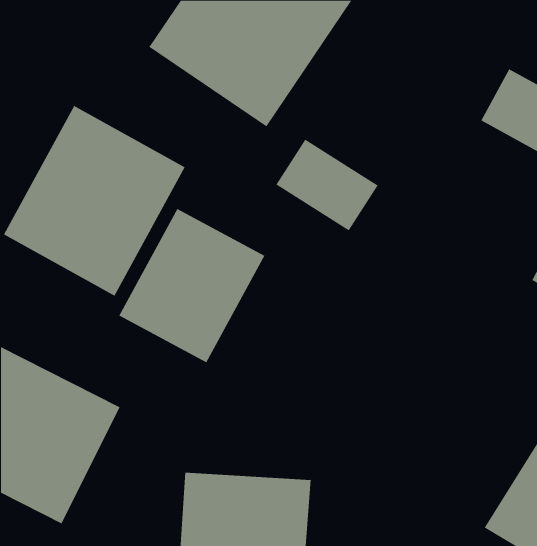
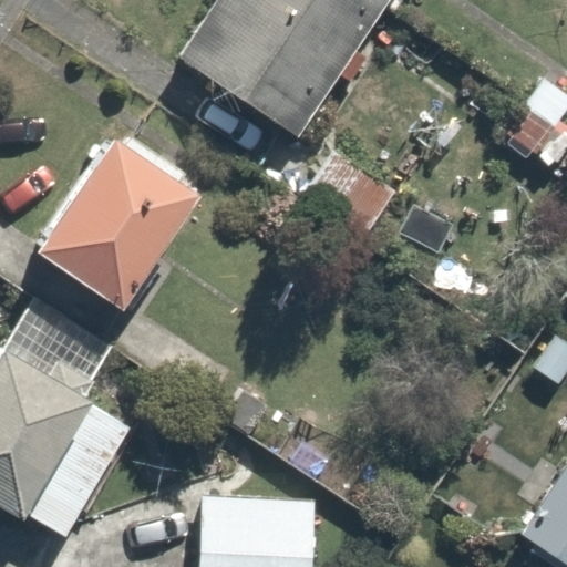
building: [118,208,265,363] -> none

